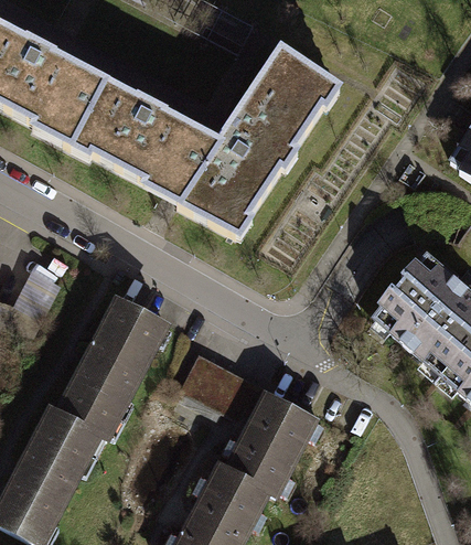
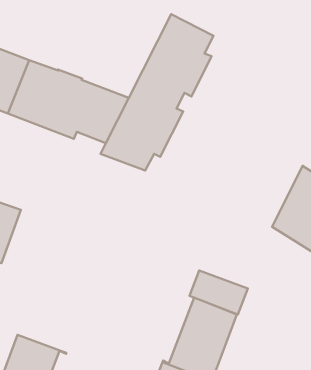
building: [52,297,168,436] -> none
building: [184,354,255,413] -> [189,270,248,315]

